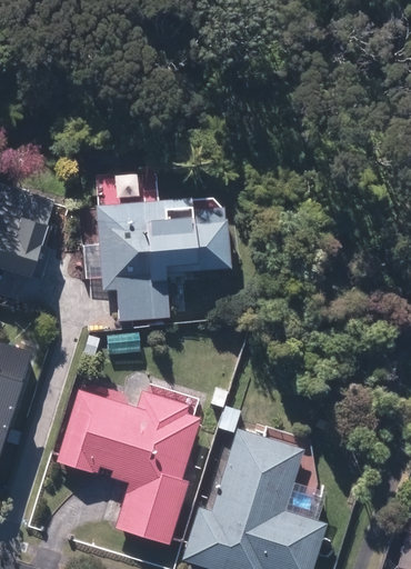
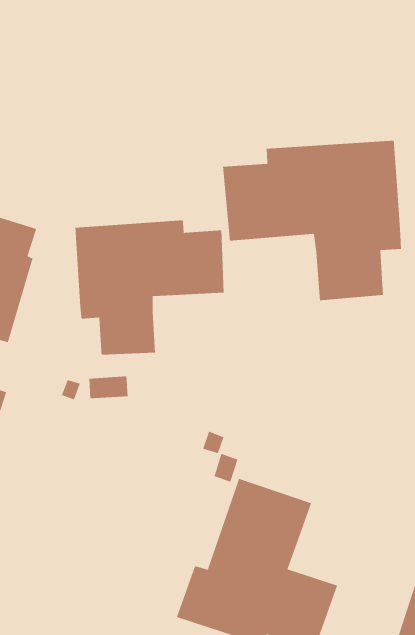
building: none -> [222,140,402,301]
building: [56,389,200,543] -> none

